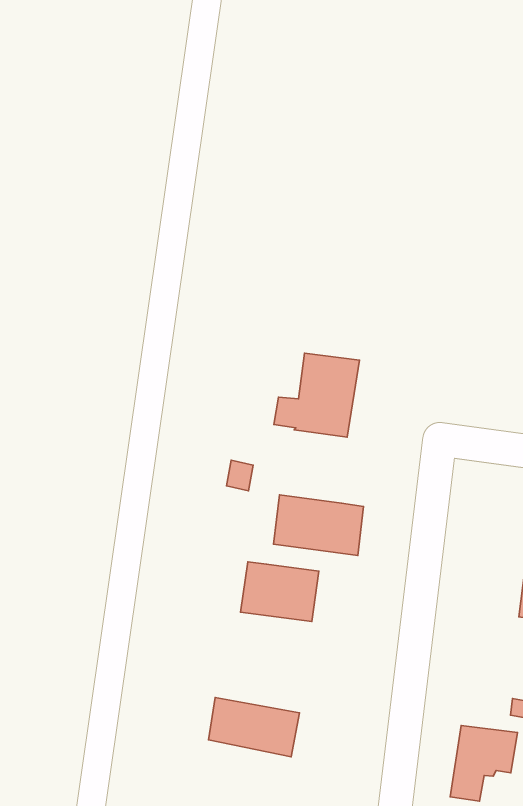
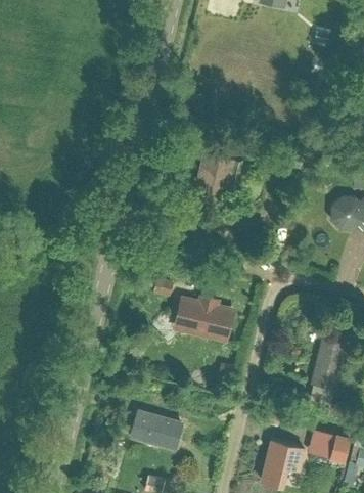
building: [274,353,359,437] -> [182,153,234,204]
building: [241,562,319,621] -> none

